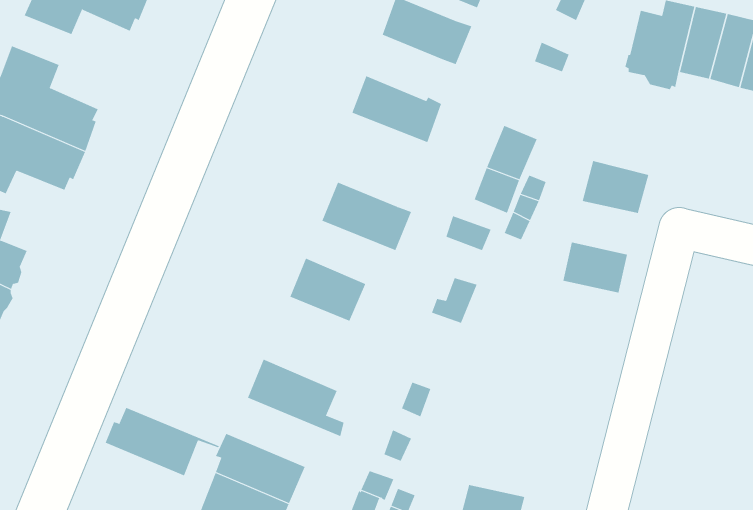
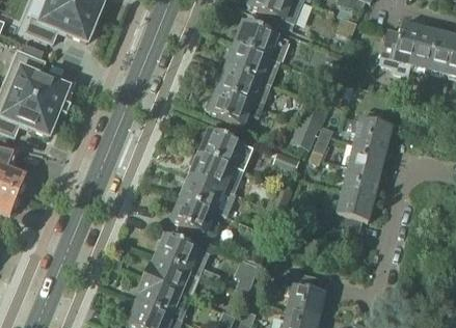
building: none -> [226,43,279,83]
building: none -> [210,88,263,125]
building: none -> [347,140,386,171]
building: none -> [191,152,244,192]
building: none -> [325,187,375,230]
building: none -> [172,196,219,234]
building: [105,407,220,476] -> [144,255,212,296]
building: none -> [285,268,325,313]

